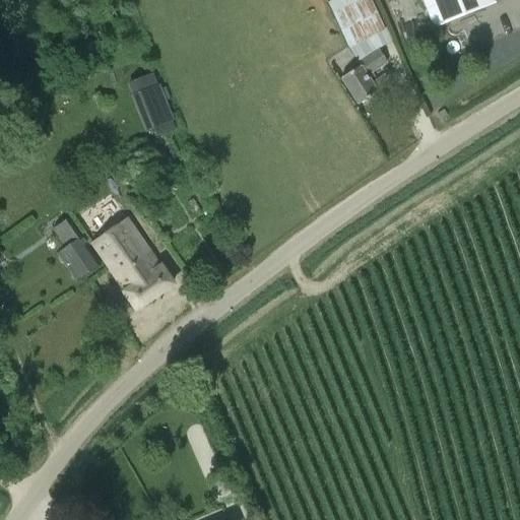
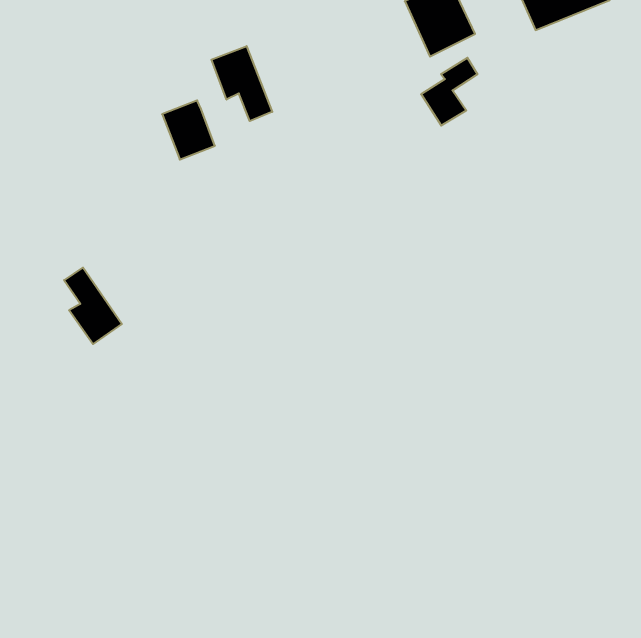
building: none -> [211,46,272,121]
building: [91,216,173,307] -> none

